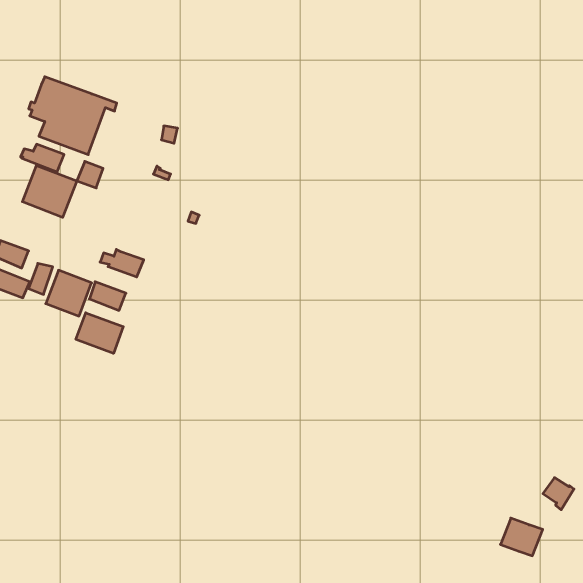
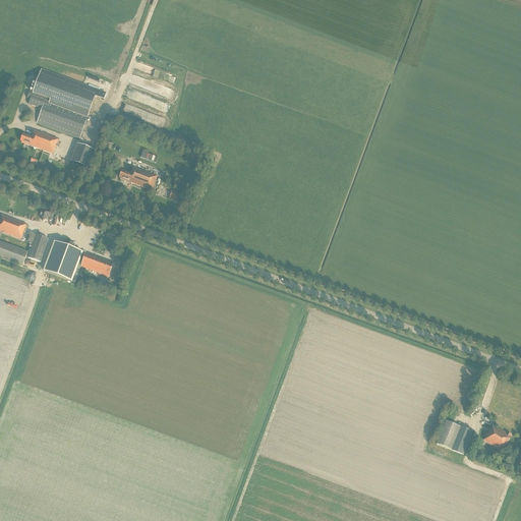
building: [22,165,77,217] -> none
building: [100,249,144,277] -> [117,165,156,189]
building: [76,313,123,353] -> none
building: [500,518,543,556] -> [435,419,472,453]

